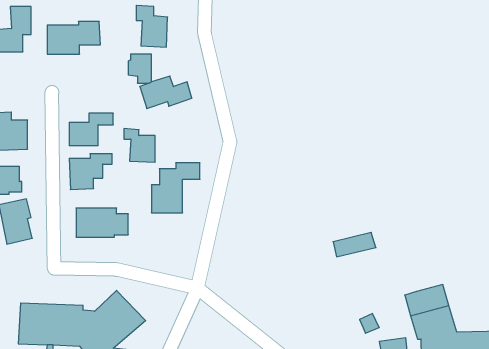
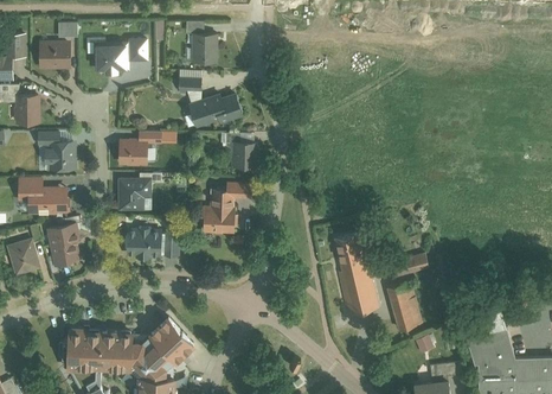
building: [124,129,155,162] -> [225,133,257,167]
building: none -> [332,234,377,314]
building: none -> [387,282,423,333]

